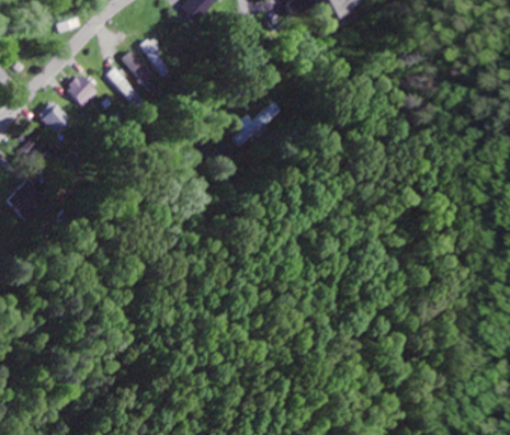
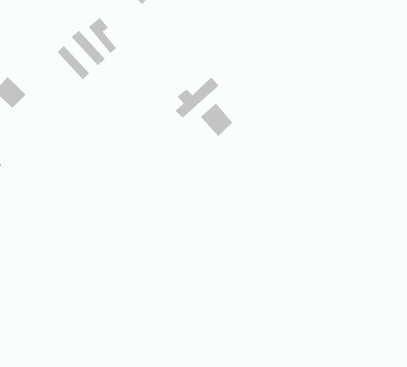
building: [67,72,99,105] -> none
building: none -> [200,102,233,137]

